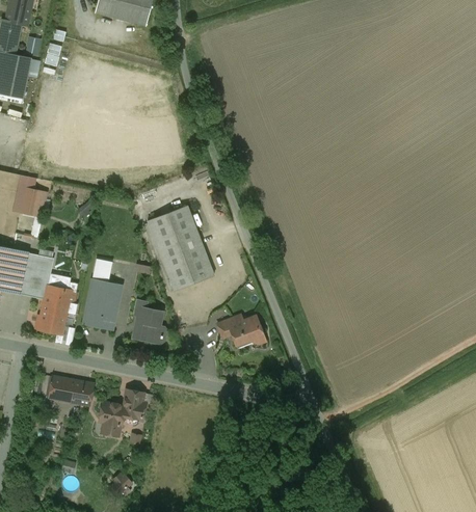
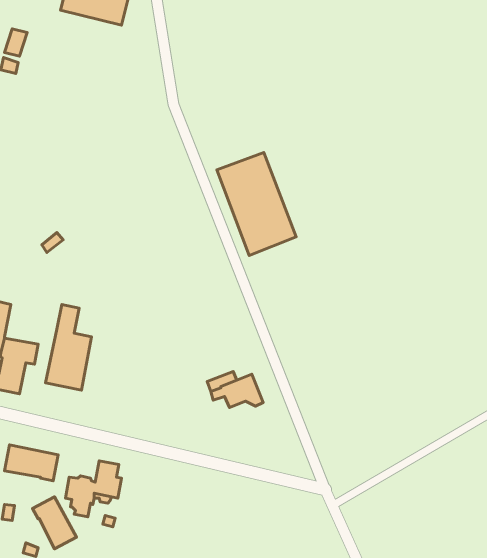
building: [147,206,213,292] -> [217,152,296,255]
building: [132,300,168,341] -> none
building: none -> [33,497,77,549]

